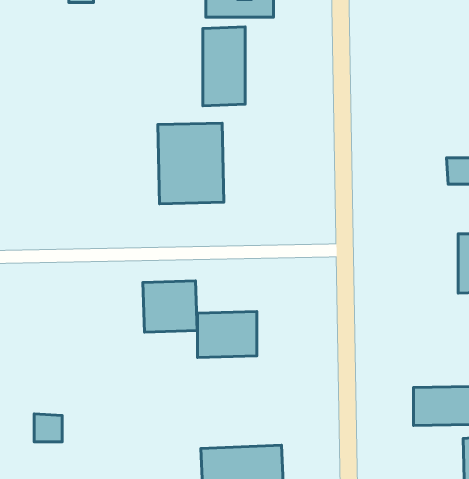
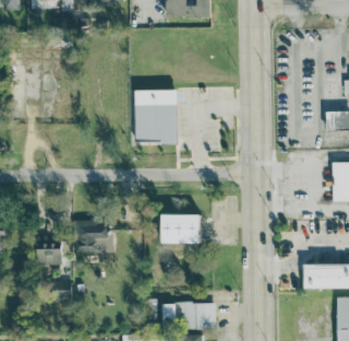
building: [203,27,245,106] -> none
building: [143,281,197,332] -> [74,220,110,254]
building: none -> [36,235,61,266]

